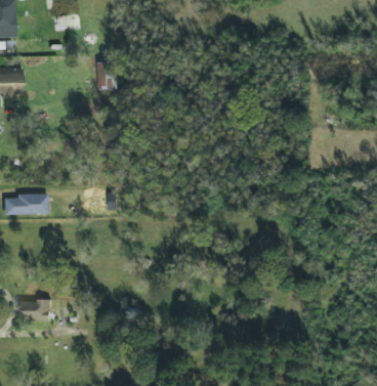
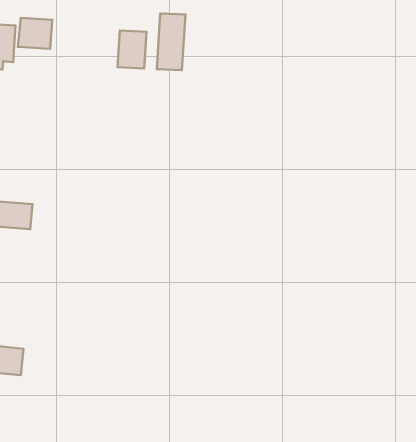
building: none -> [157,14,185,70]
building: none -> [18,18,52,49]

